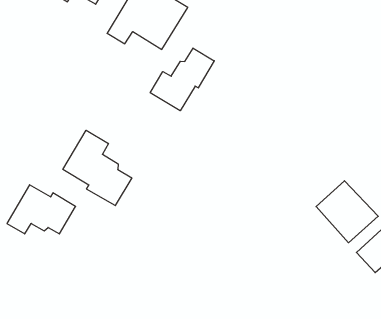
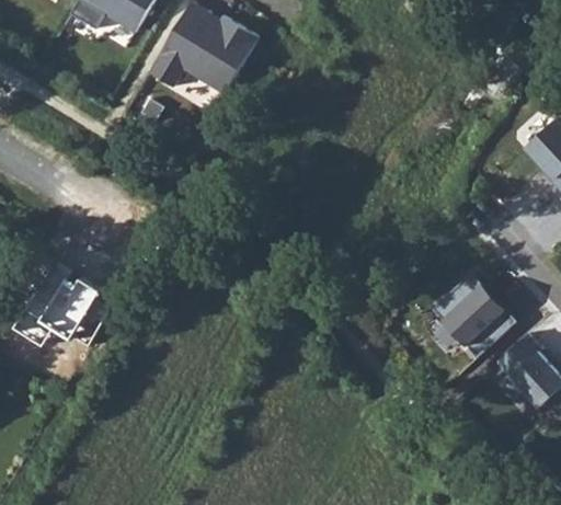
building: [150,48,214,111] -> none
building: [63,130,132,206] -> none

